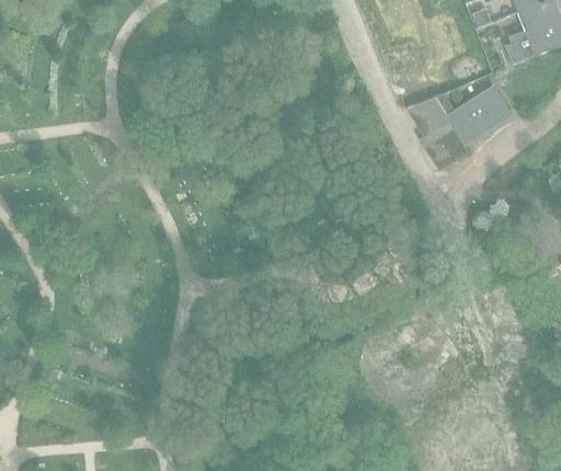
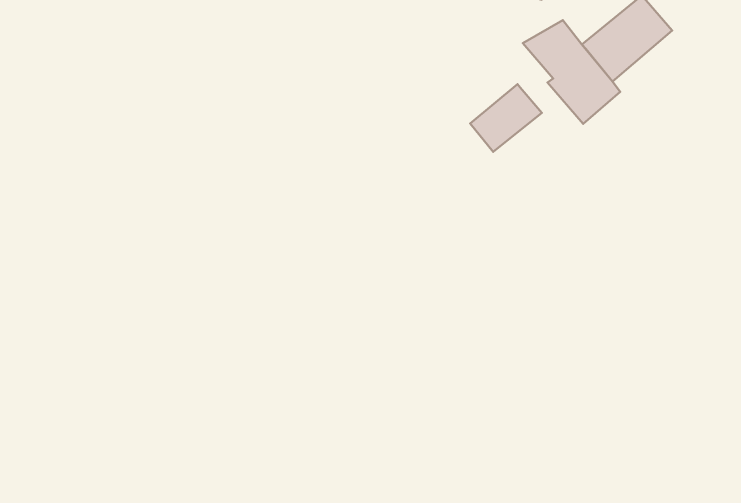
building: none -> [470,84,542,152]

